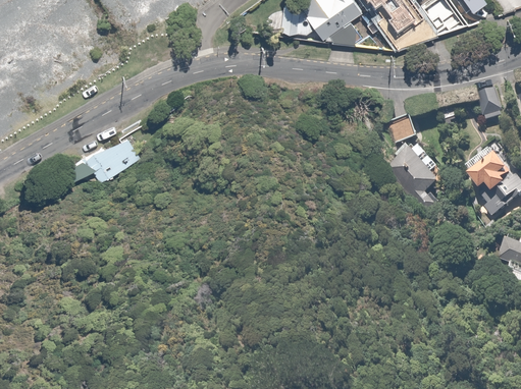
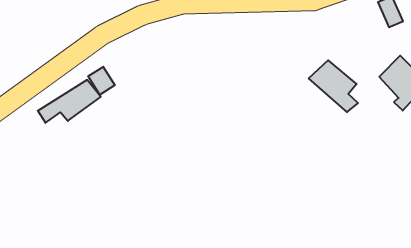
building: [387,117,418,146] -> none
building: none -> [88,67,115,95]

